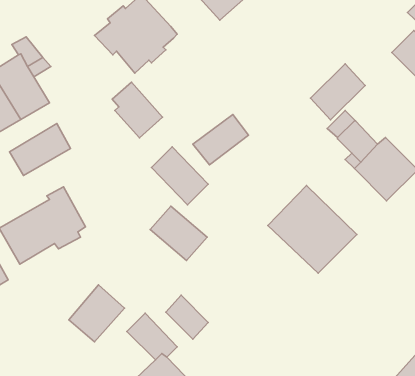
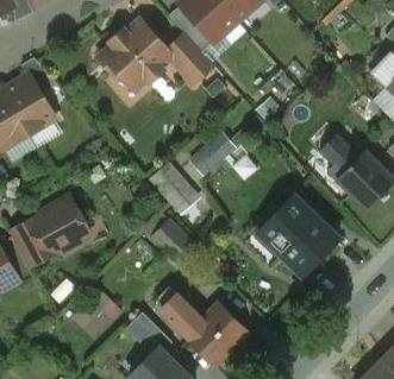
building: [311,64,365,120] -> none
building: [112,82,163,138] -> [167,33,213,84]
building: [10,123,70,175] -> none
building: none -> [186,304,245,364]

